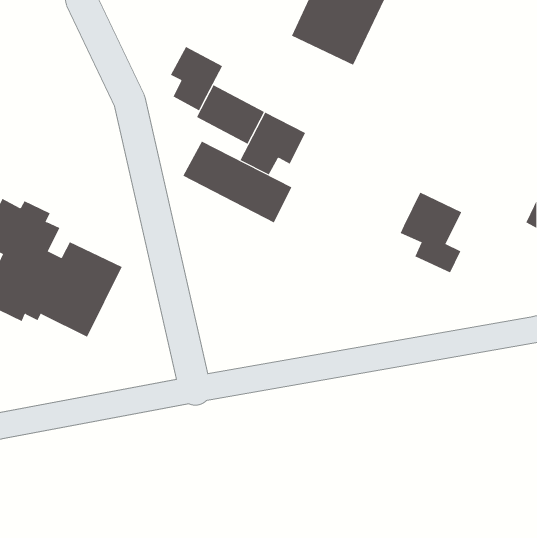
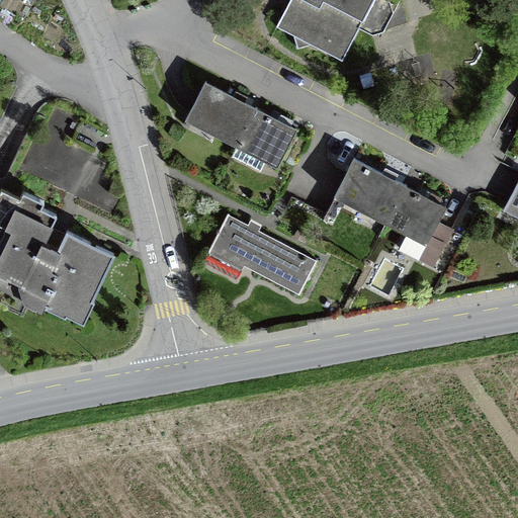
building: [170,46,223,111] -> none
building: [182,141,292,223] -> [209,221,315,299]
building: none -> [339,161,403,217]

